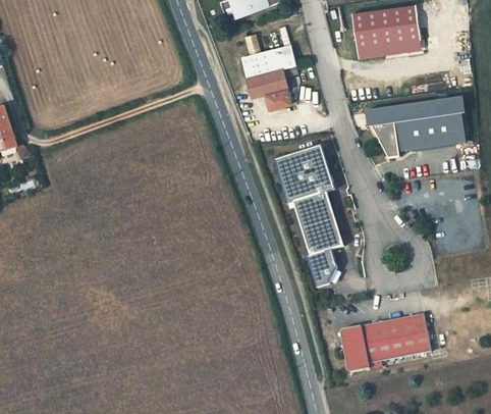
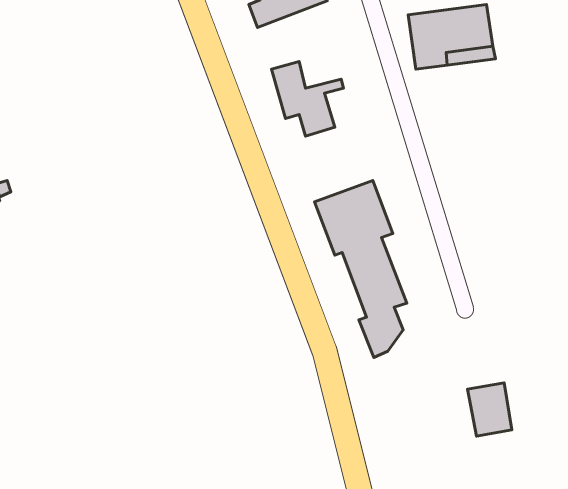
building: [261,42,294,71] -> none
building: [364,96,465,158] -> none
building: [341,314,403,369] -> none

